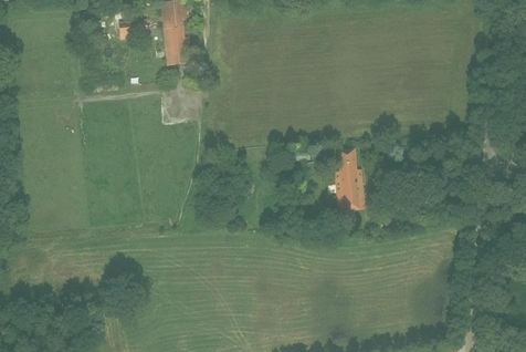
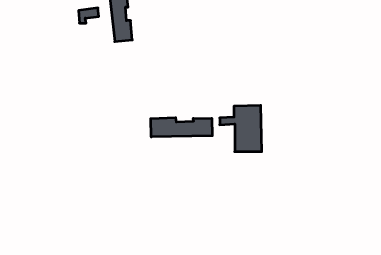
building: none -> [151,118,212,137]

